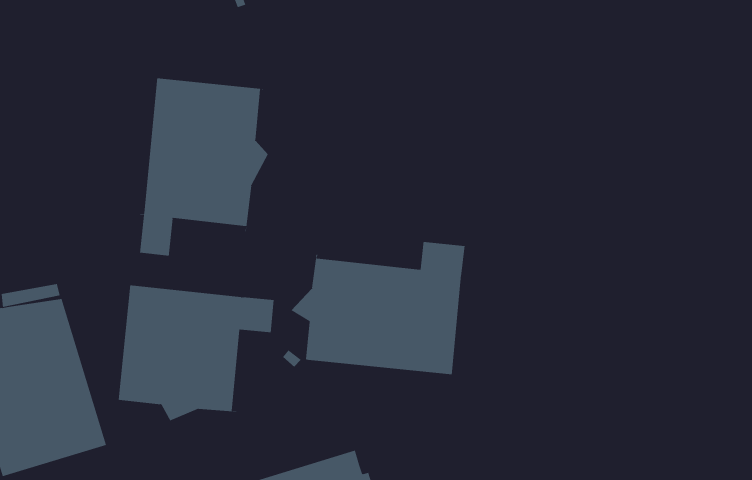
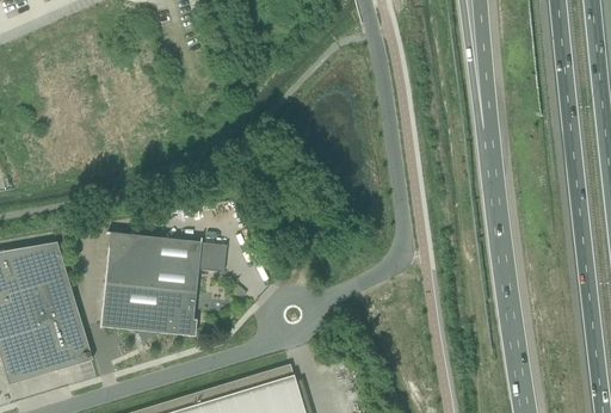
building: [139,78,268,256] -> none
building: [290,241,468,375] -> none

